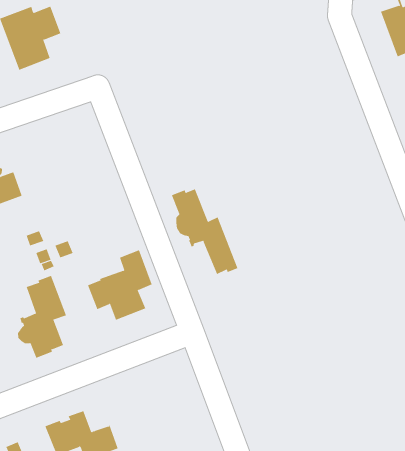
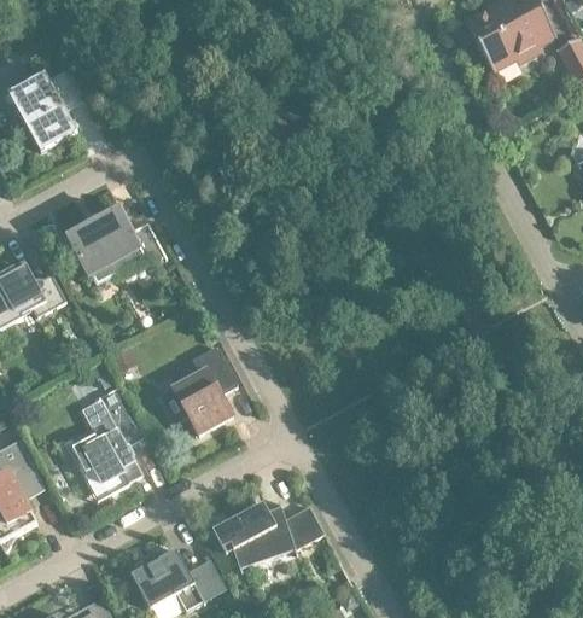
building: none -> [66,206,167,278]
building: [171,188,238,275] -> none
building: none -> [211,500,323,571]

